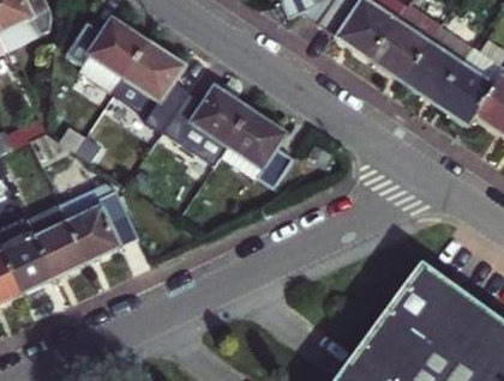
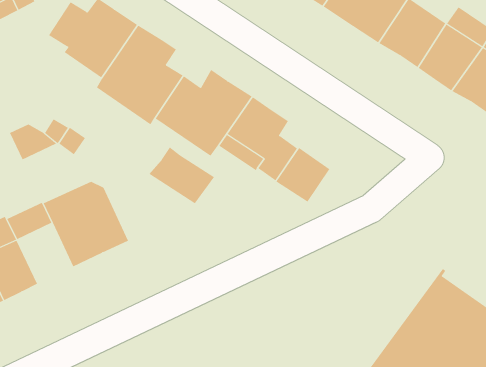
building: none -> [149,146,215,204]
building: none -> [275,147,330,203]
building: [35,222,86,278] -> none

